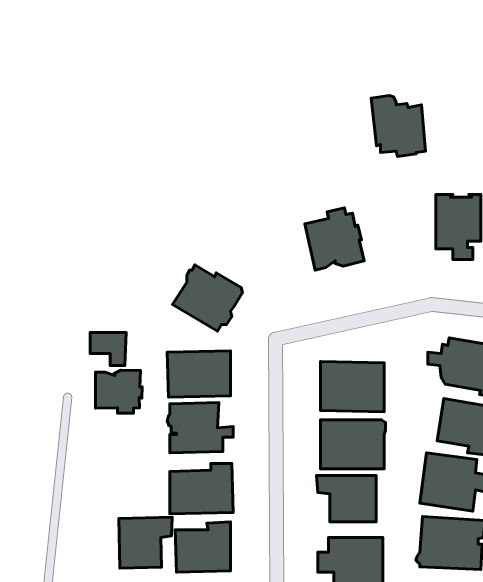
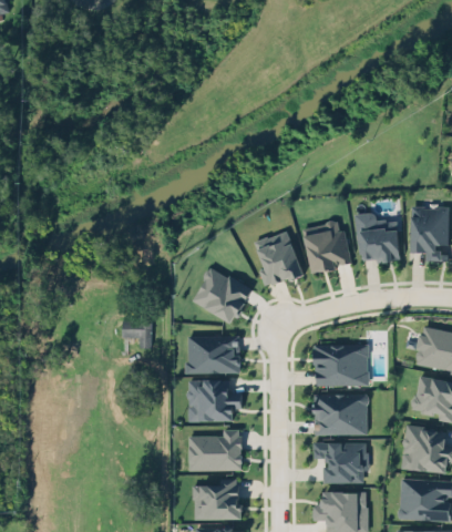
building: [371,96,425,157] -> [356,213,401,264]
building: none -> [254,232,302,289]
building: [95,370,142,413] -> none
building: [119,517,172,568] -> none

